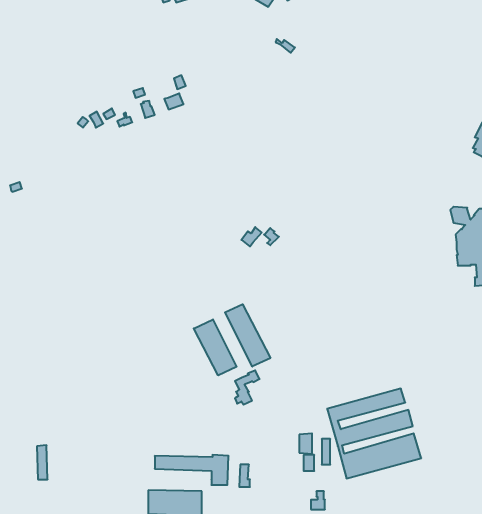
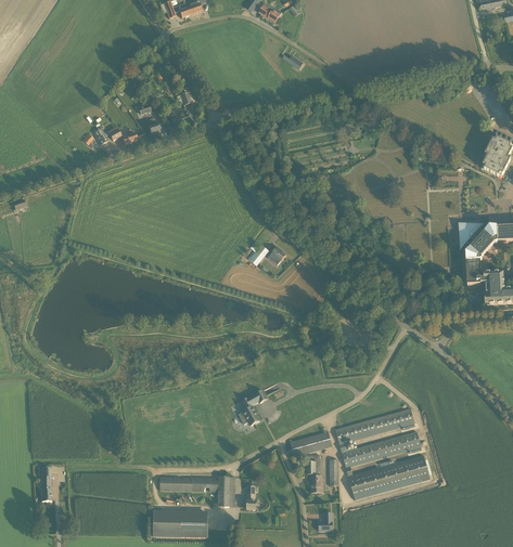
building: [225,304,270,367] -> none
building: [194,319,237,375] -> none
building: none -> [290,431,332,456]

